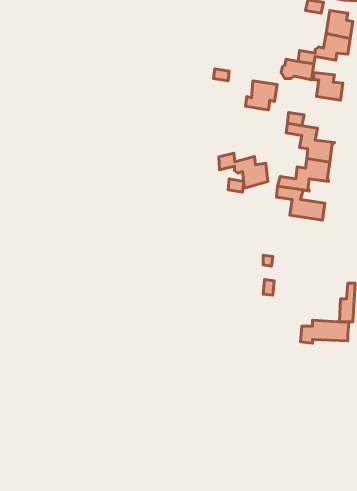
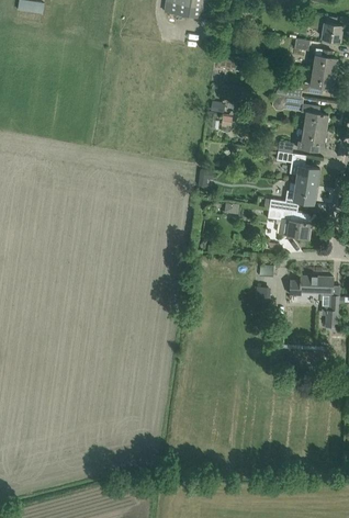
building: [246,81,277,110] -> [297,126,326,153]
building: [219,153,268,188] -> none
building: [300,320,349,343] -> [290,274,334,295]

